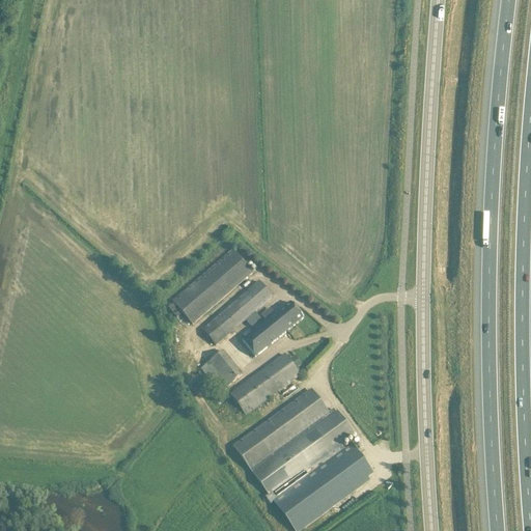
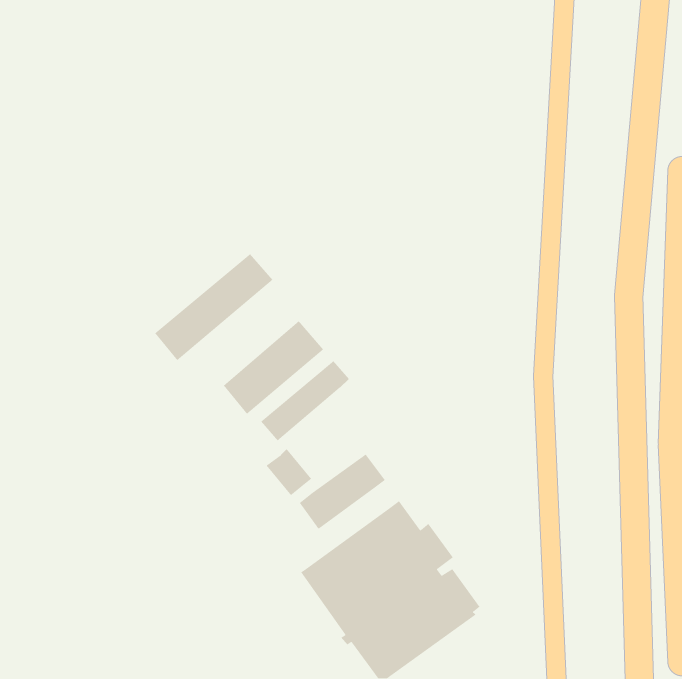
building: none -> [154,253,274,361]
building: [242,301,303,356] -> none

